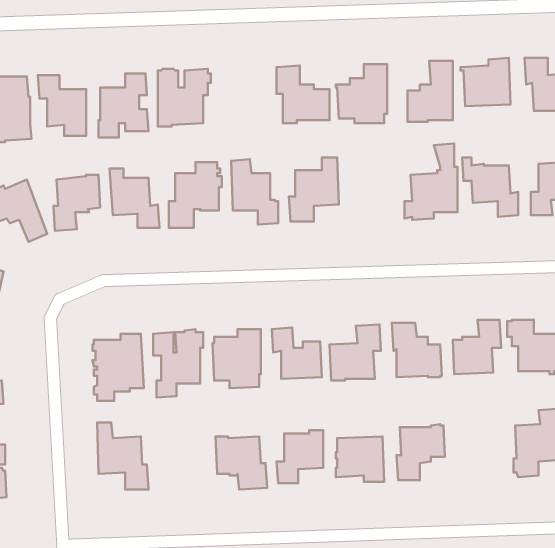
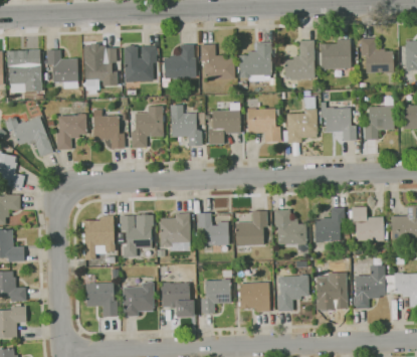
building: none -> [163,44,196,88]
building: none -> [247,108,281,142]
building: none -> [316,277,347,309]
building: none -> [124,282,154,317]

